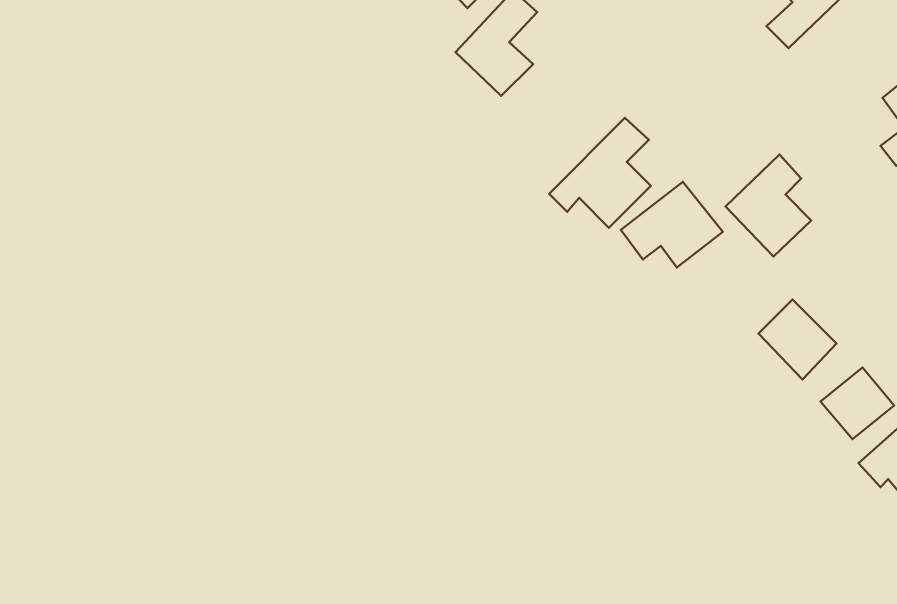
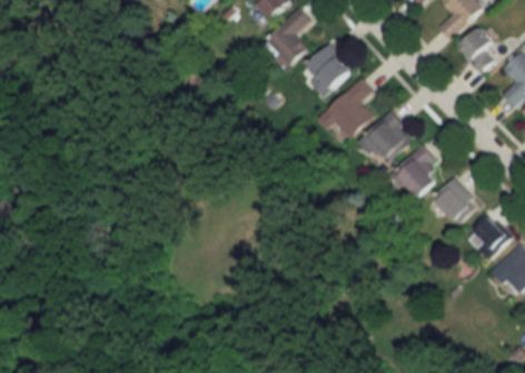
building: none -> [458,28,494,73]
building: none -> [304,44,351,97]
building: [725,155,811,256] -> [390,144,438,201]

